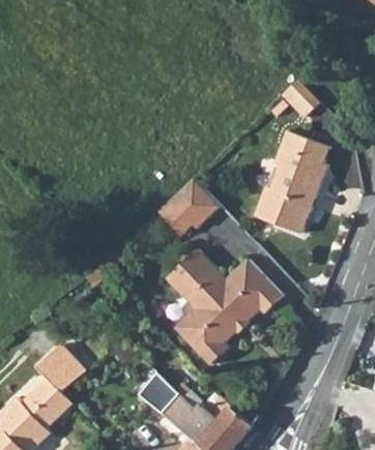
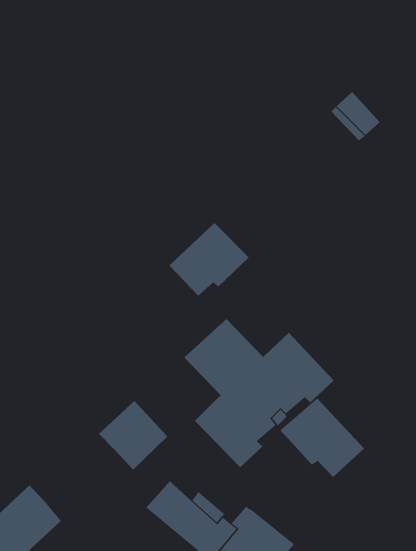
building: [254,134,329,236] -> none
building: none -> [280,397,365,478]
building: [36,340,90,394] -> [98,400,168,470]

